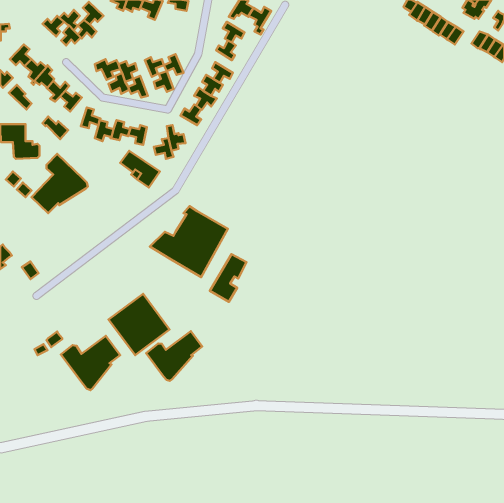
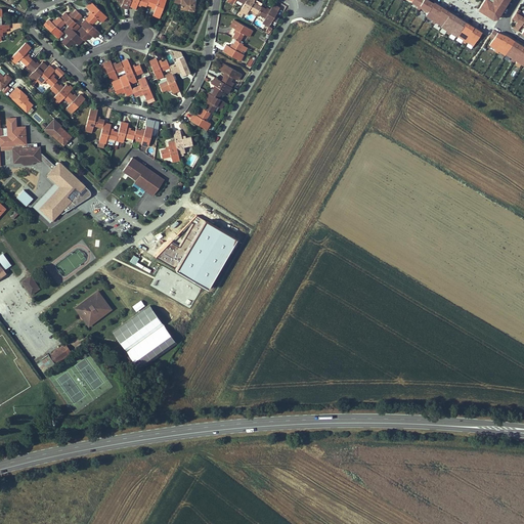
building: [210,254,247,302] -> none
building: none -> [78,292,108,322]
building: [146,331,202,381] -> none
building: [61,336,120,390] -> none

